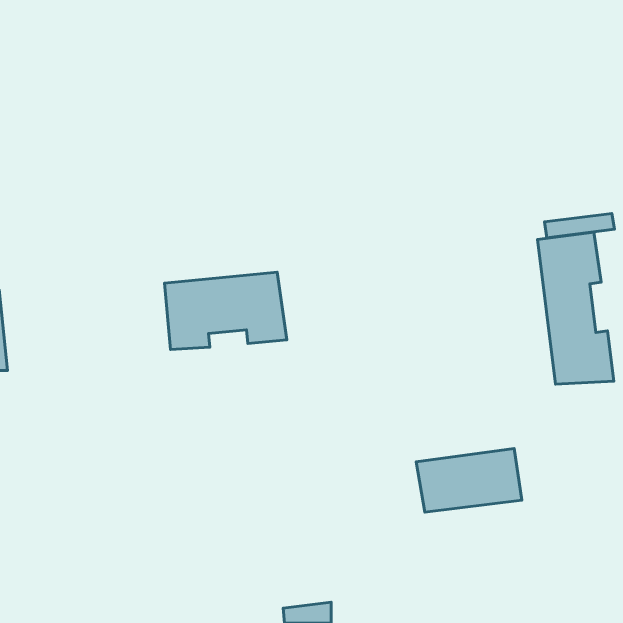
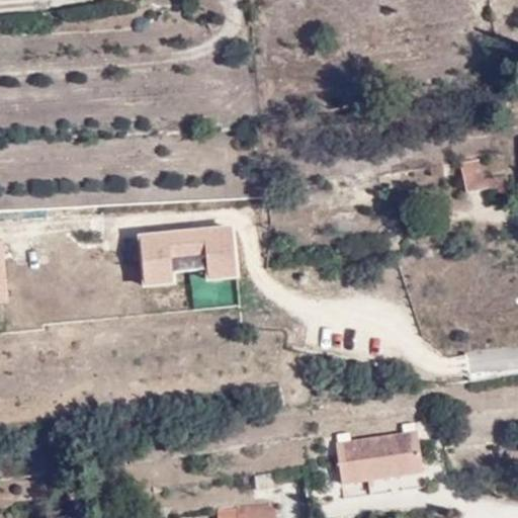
building: [537,232,614,384] -> none
building: [416,448,522,512] -> [333,429,420,482]

